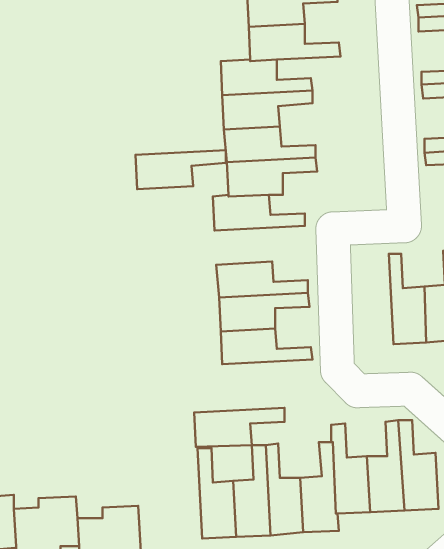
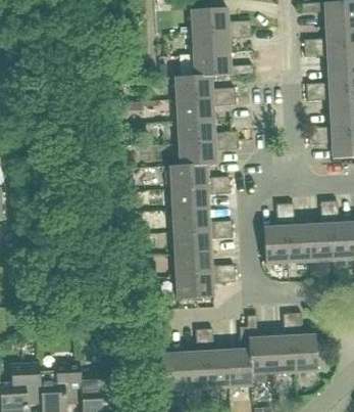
building: [136,150,226,189] -> [170,185,230,211]
building: none -> [263,203,288,264]
building: [194,408,284,447] -> [175,273,235,299]

